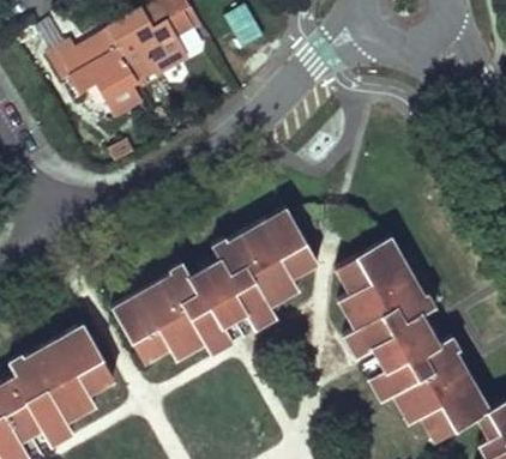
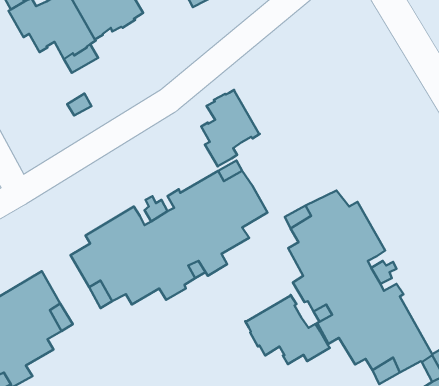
building: none -> [201,90,260,166]
building: none -> [245,295,330,364]

